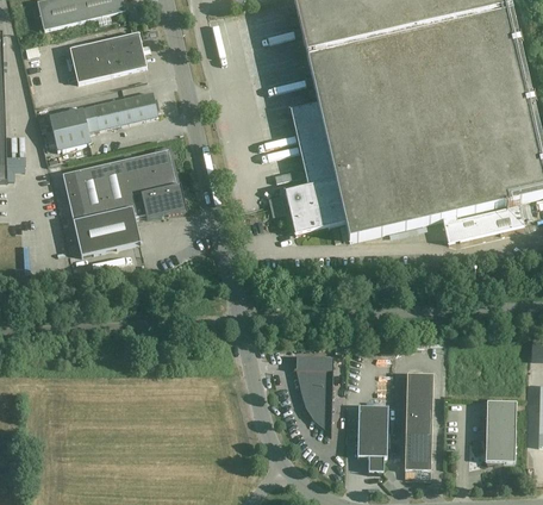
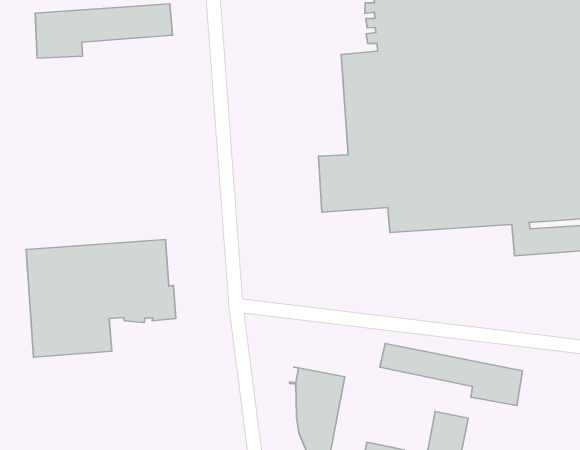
building: [61,148,185,255] -> [26,239,176,357]
building: none -> [380,344,523,405]

